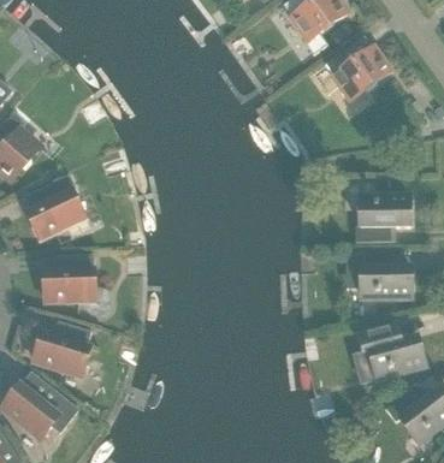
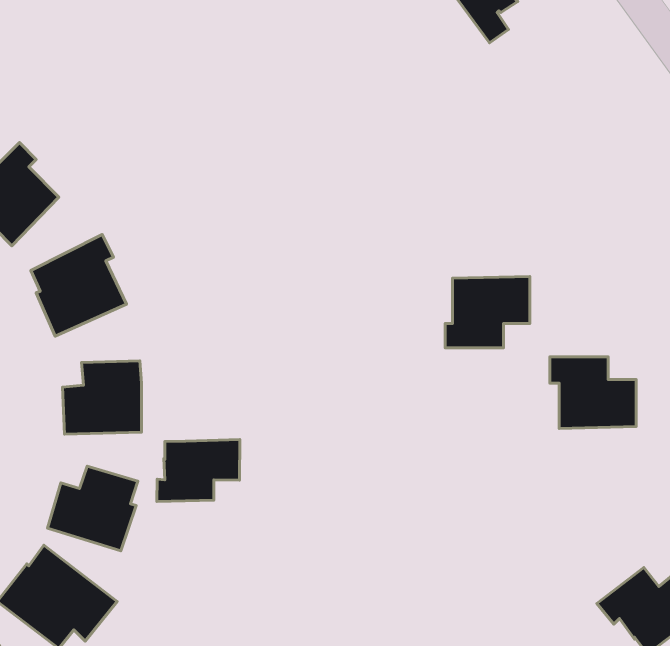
building: [327,37,390,100] -> none
building: [356,197,410,243] -> [445,276,530,348]
building: none -> [157,440,240,501]
building: [360,326,426,379] -> none

